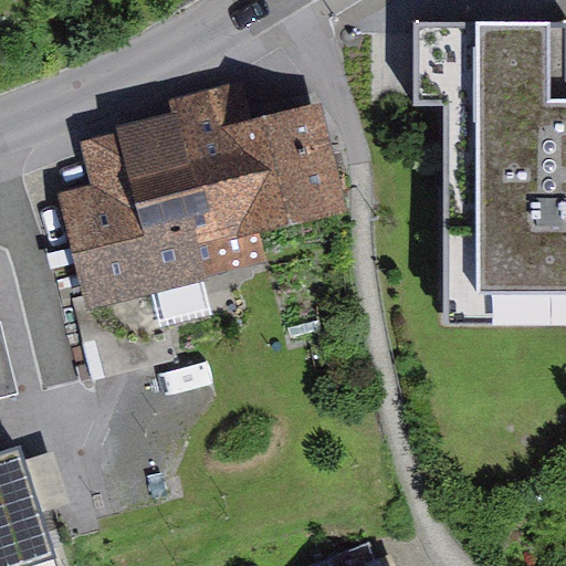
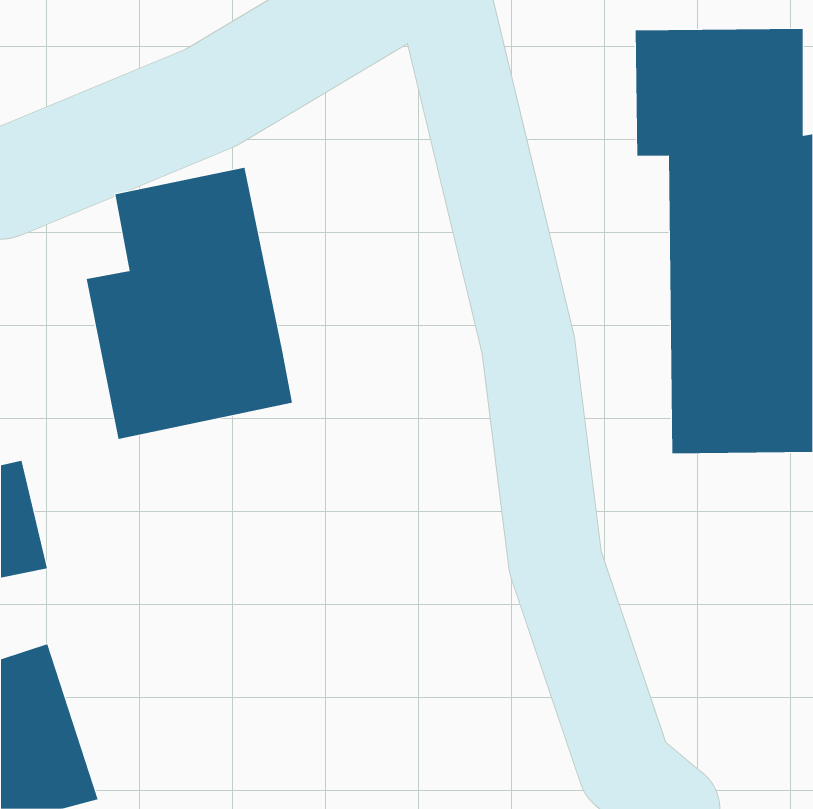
building: [167,85,340,244] -> none

